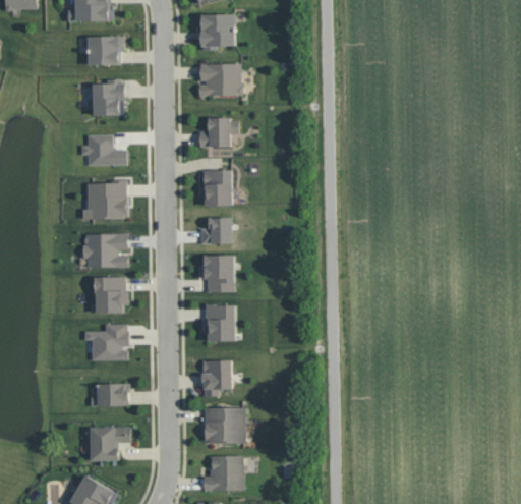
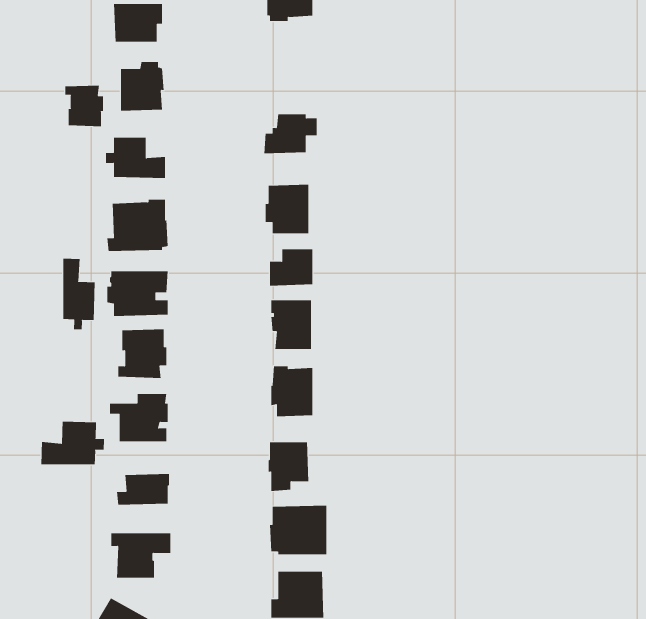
building: [198,64,242,97] -> none
building: none -> [65,85,104,127]
building: none -> [63,258,95,330]
building: none -> [41,421,105,465]

